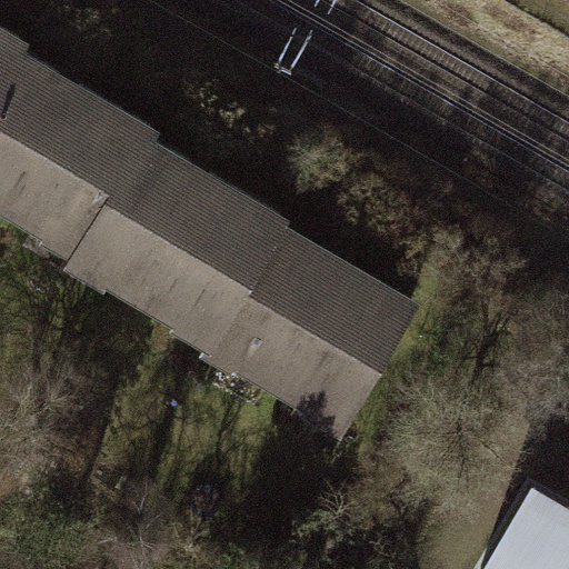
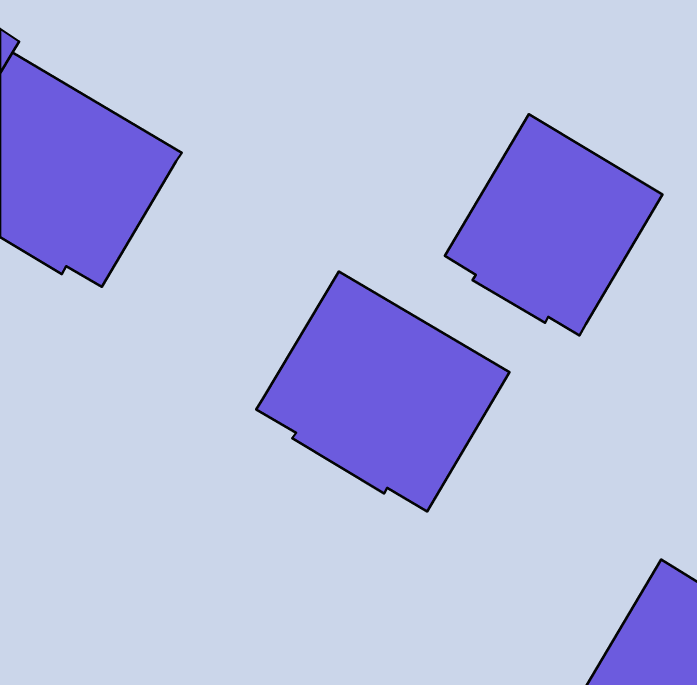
building: none -> [445,114,662,336]
building: [82,146,283,337] -> none

